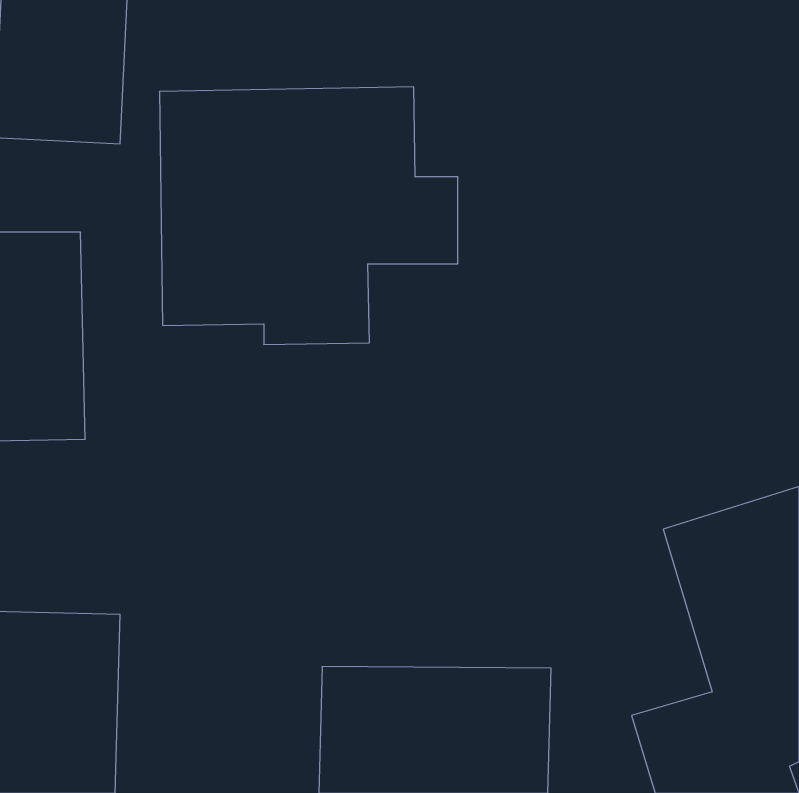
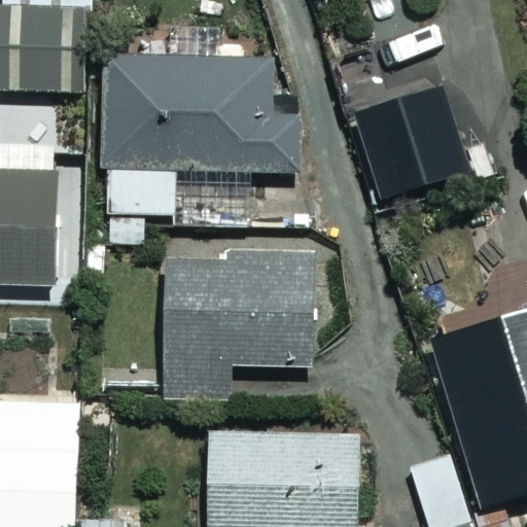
building: none -> [351,76,463,185]
building: none -> [163,256,324,397]

